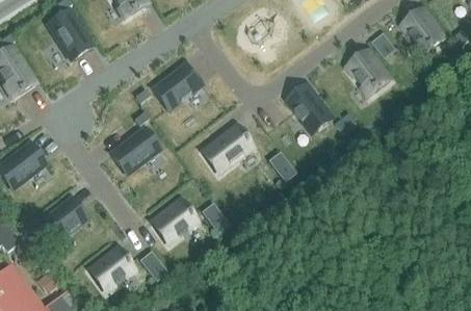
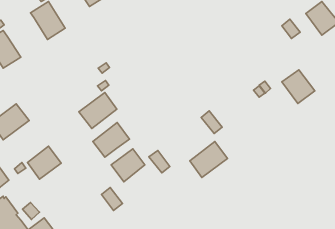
building: [347,52,390,96] -> [282,70,315,104]
building: [152,63,201,110] -> none
building: [287,85,333,134] -> none
building: [202,126,251,173] -> [190,141,228,178]
building: none -> [93,123,130,157]
building: [88,249,132,291] -> none

